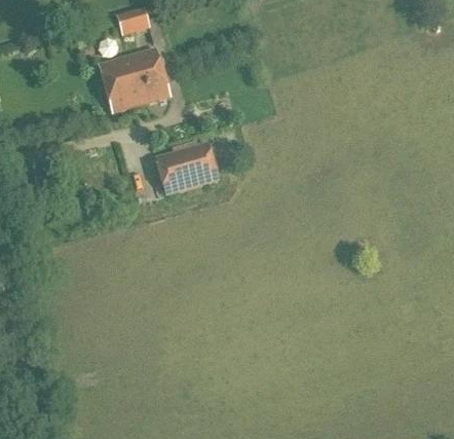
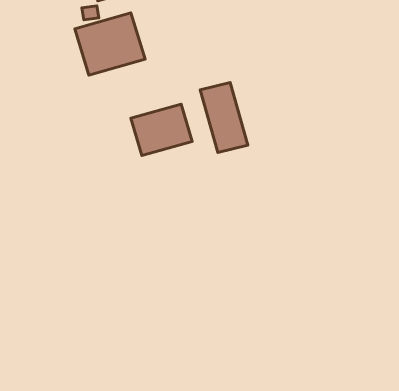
building: none -> [200,82,248,153]

